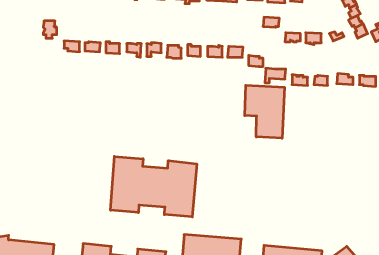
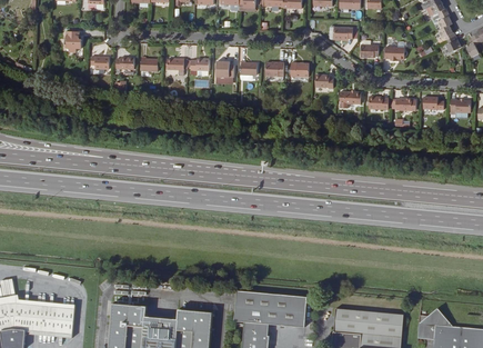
building: [245,85,284,138] -> none
building: [111,156,197,217] -> none

